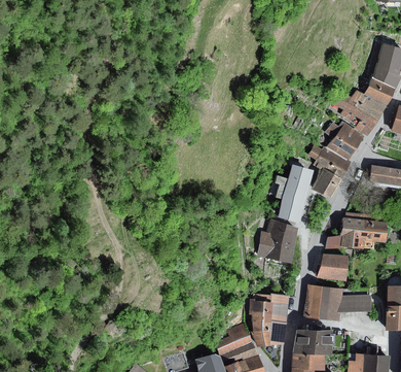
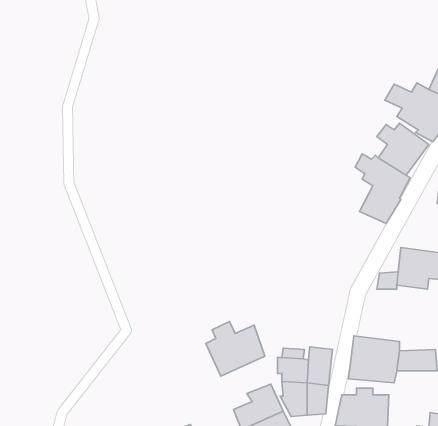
building: [276,164,315,223] -> none
building: [257,219,299,263] -> none
building: [316,253,350,280] -> none
building: none -> [206,321,265,376]

